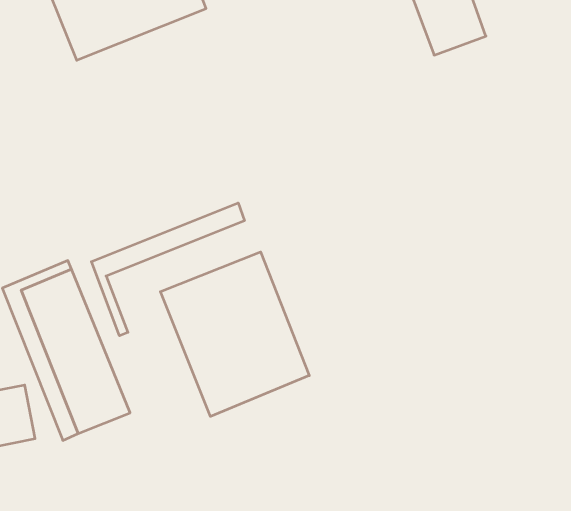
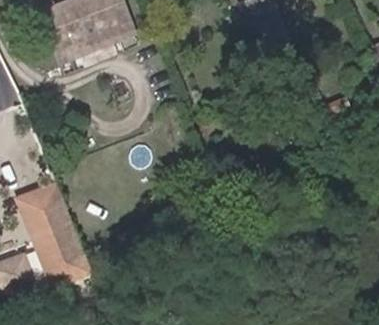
building: [91,203,244,336] -> none
building: [160,252,309,416] -> none

